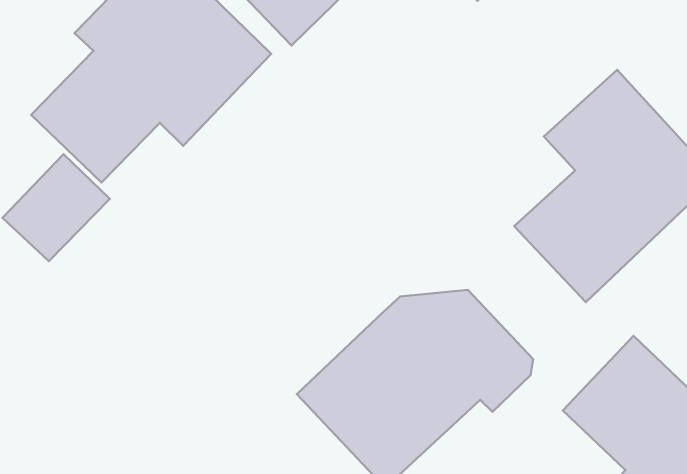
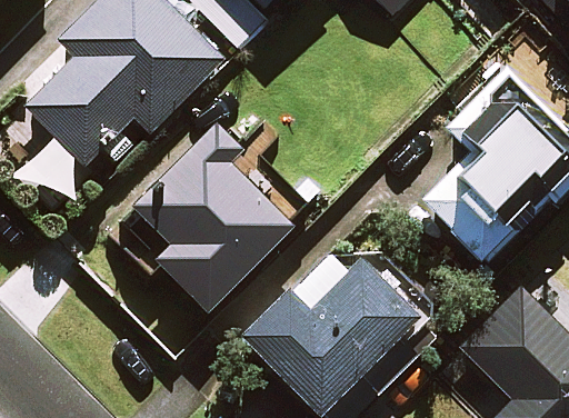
building: none -> [119,123,291,308]

